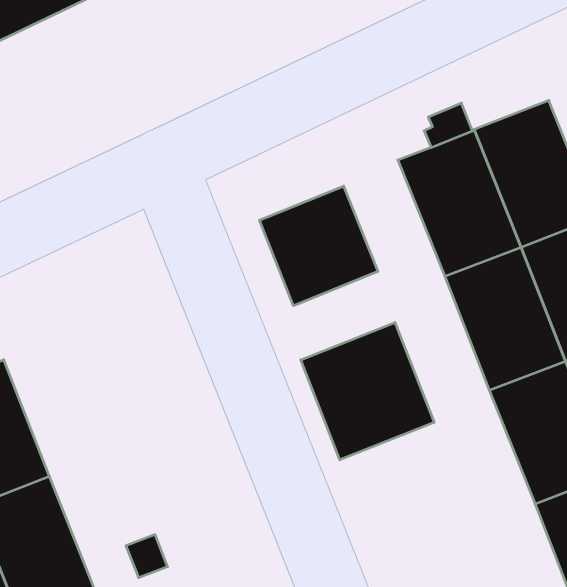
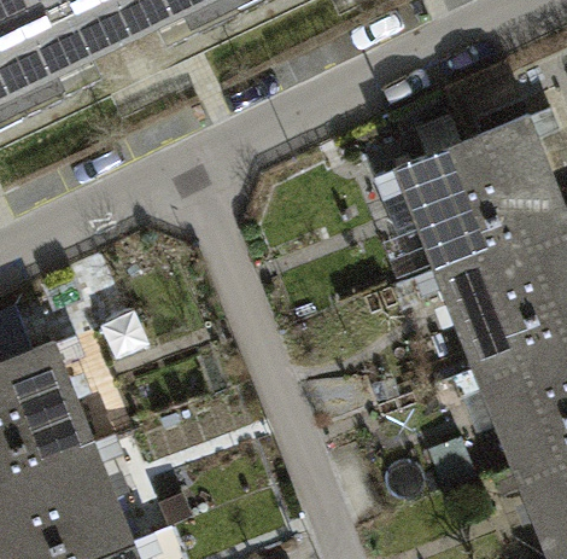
building: [259,186,378,306] -> none
building: [301,322,434,460] -> none

